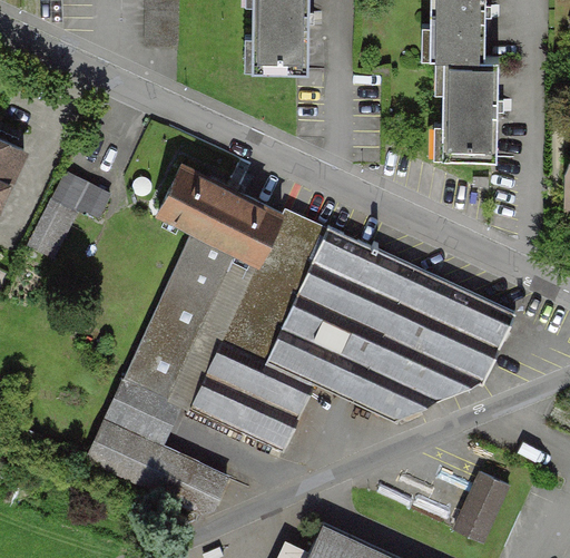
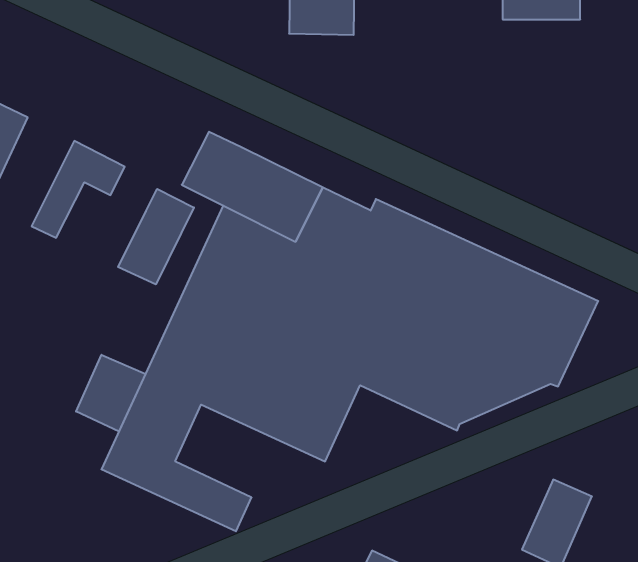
building: [434,67,501,164] -> none
building: none -> [118,189,194,284]
building: none -> [76,355,145,431]

